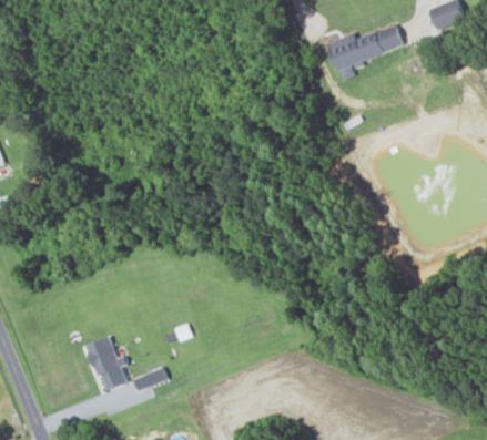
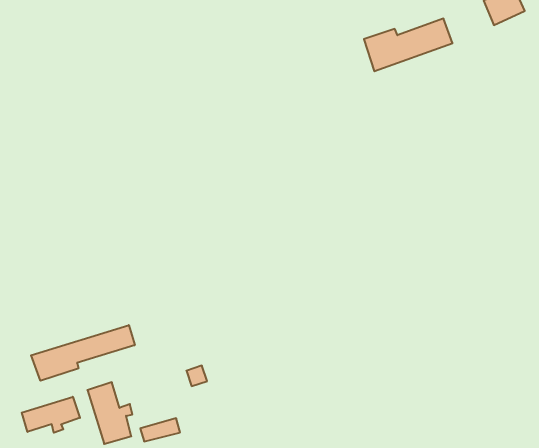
building: none -> [31,325,135,381]
building: none -> [22,397,80,433]

